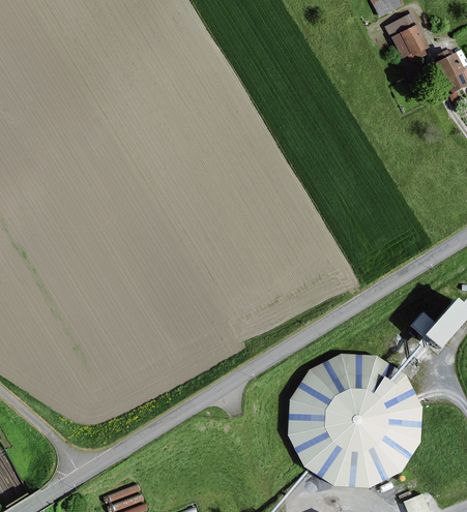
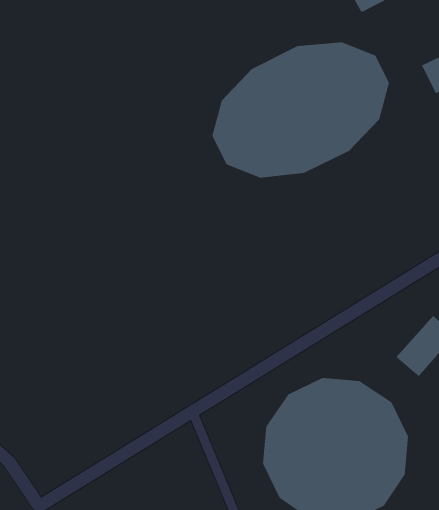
building: [382,9,427,60] -> none
building: none -> [211,41,390,178]

